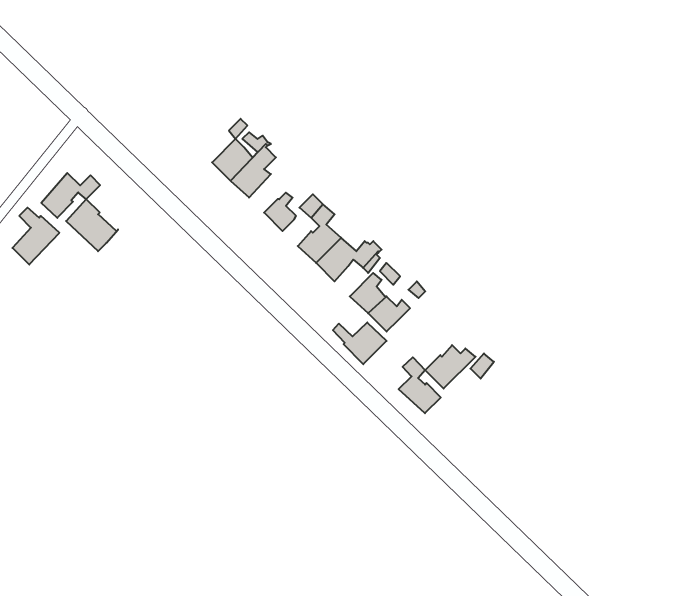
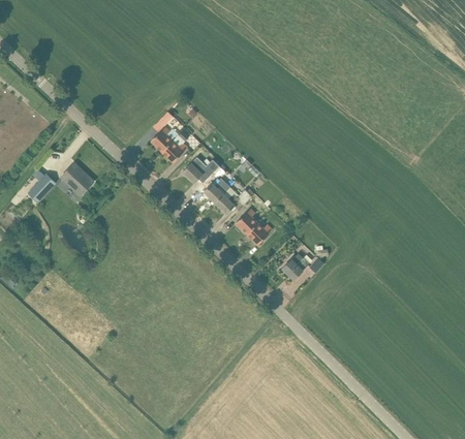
building: [41,173,100,218] -> none
building: [333,322,387,364] -> none
building: [399,357,441,413] -> none

